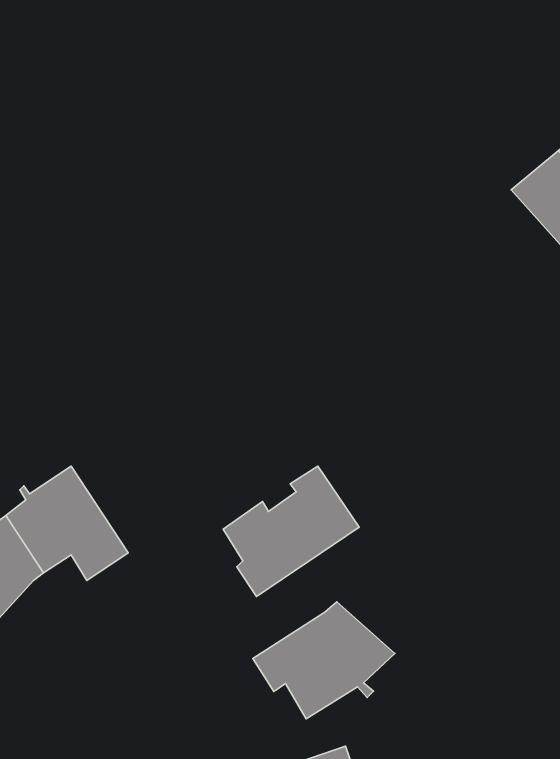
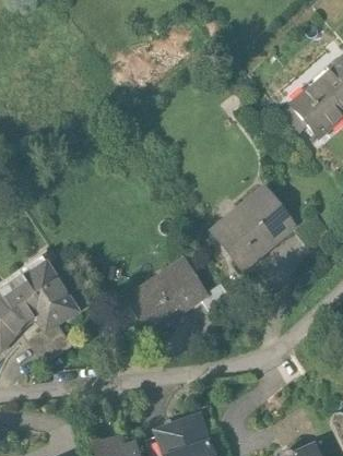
building: none -> [212,188,291,268]
building: [253,602,395,719] -> none

